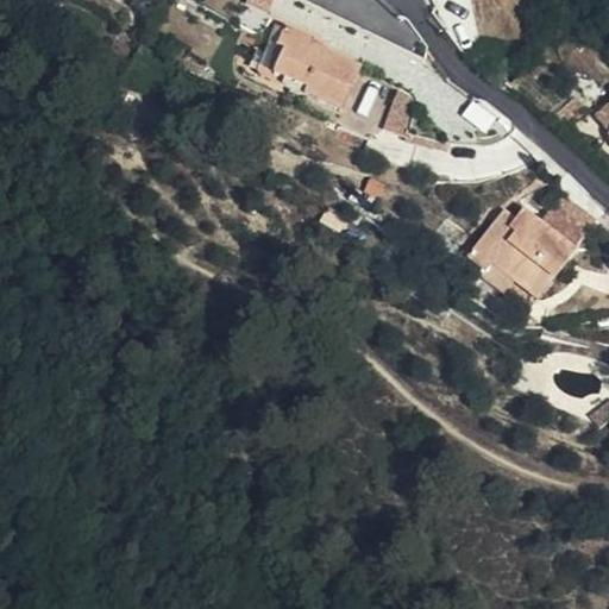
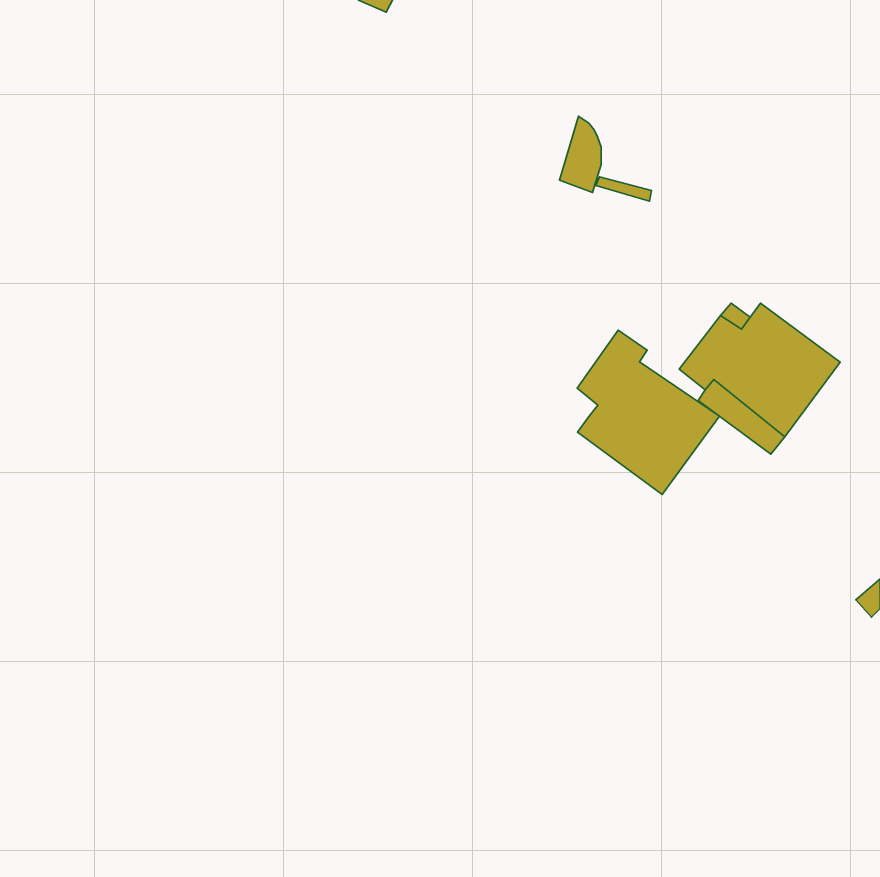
building: [268,18,362,105] -> none
building: none -> [577,330,720,495]

